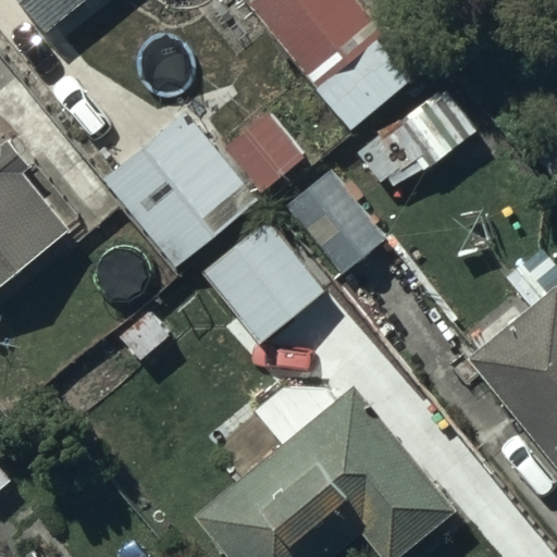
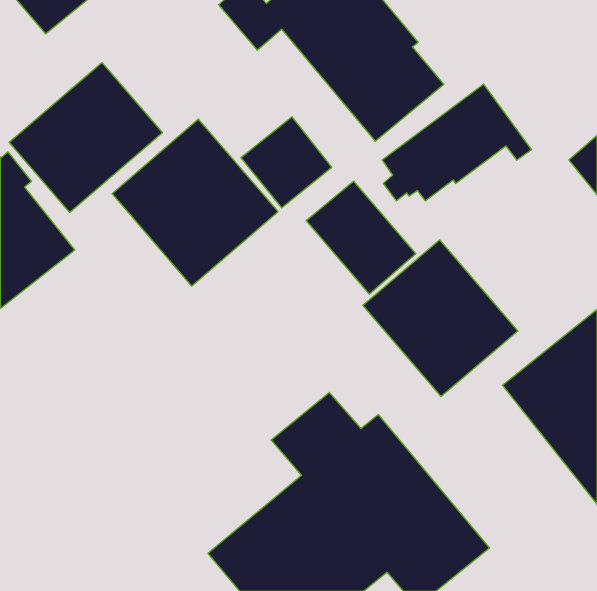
building: none -> [9,63,162,212]
building: [201,215,325,343] -> none
building: none -> [363,240,518,397]

